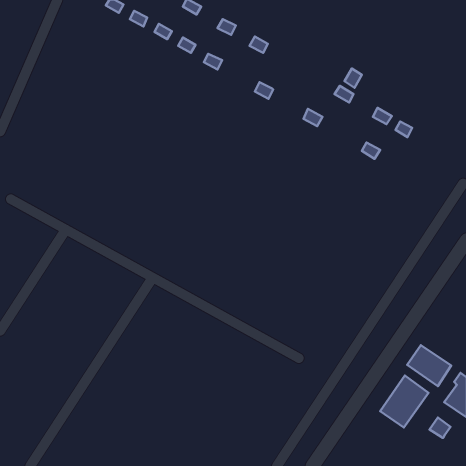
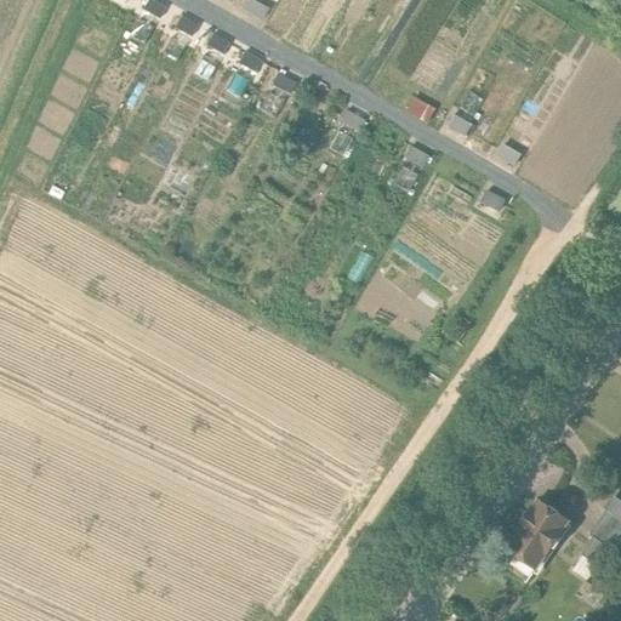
building: [407,345,451,386] -> none

